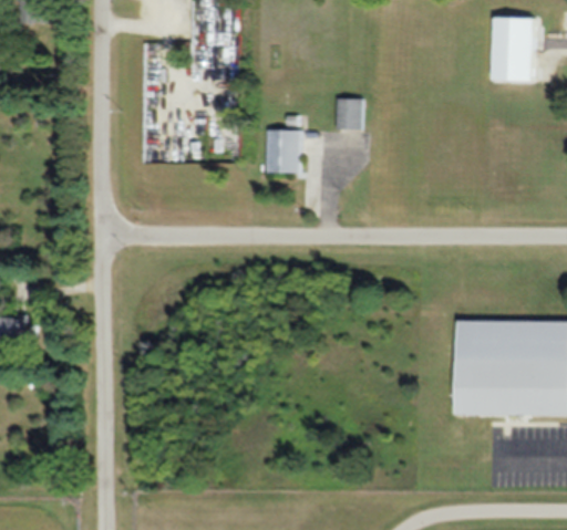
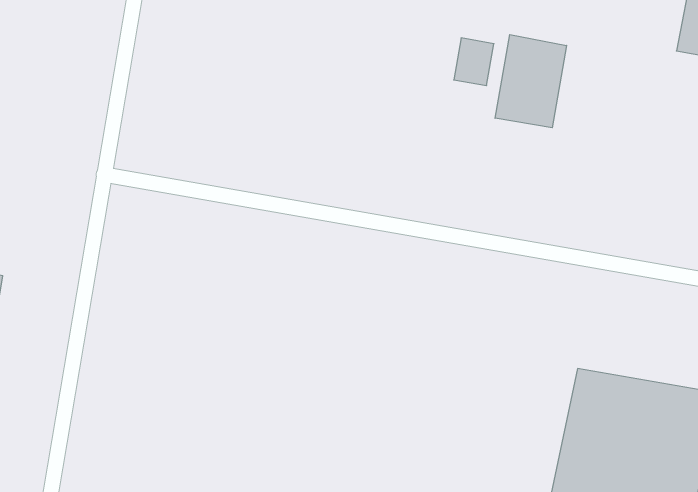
building: none -> [495,35,567,128]
building: [268,131,300,173] -> none

